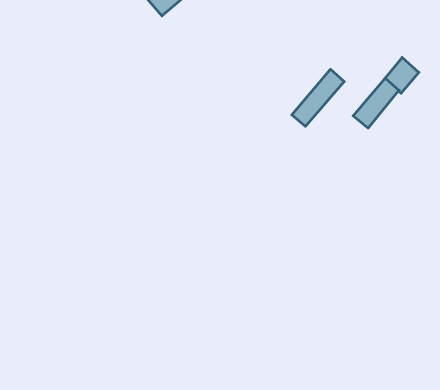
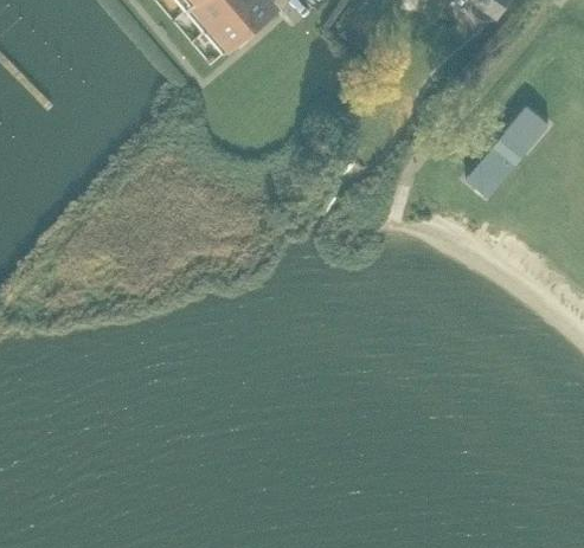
building: [292,69,344,126] -> none

